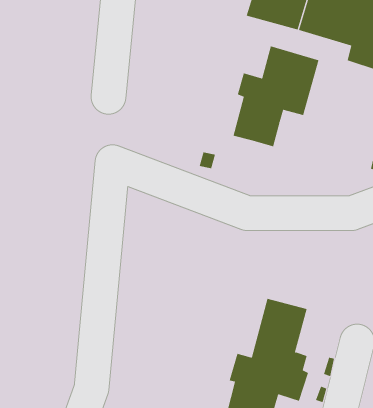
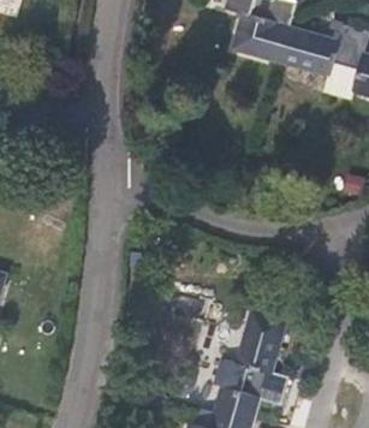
building: [233,46,319,147] -> none

